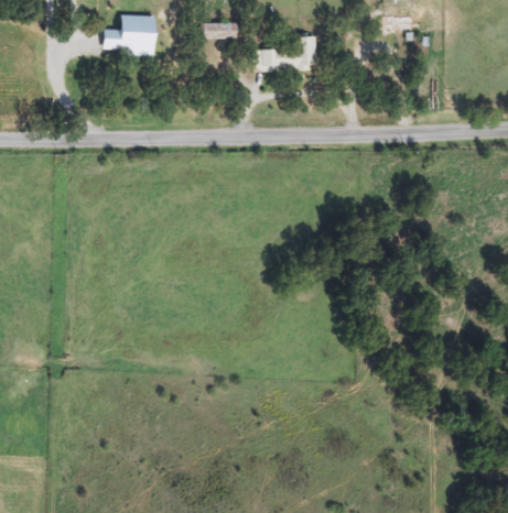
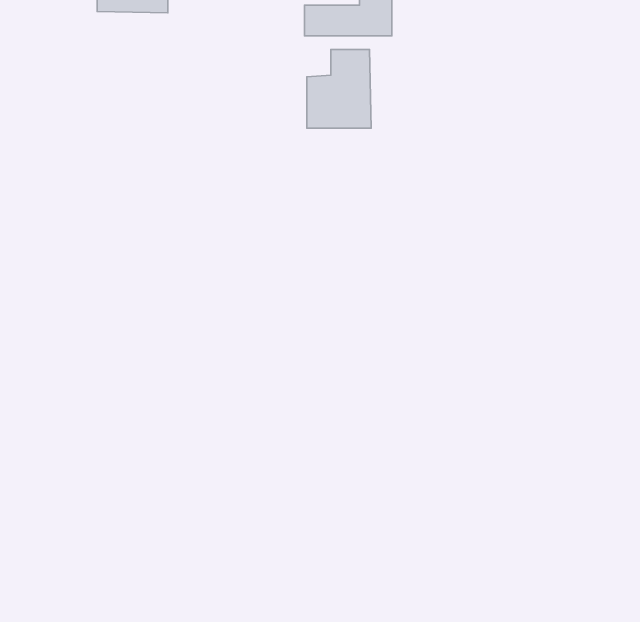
building: none -> [307,49,371,128]

